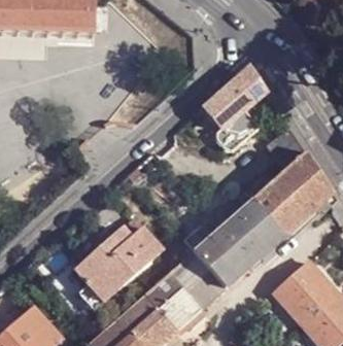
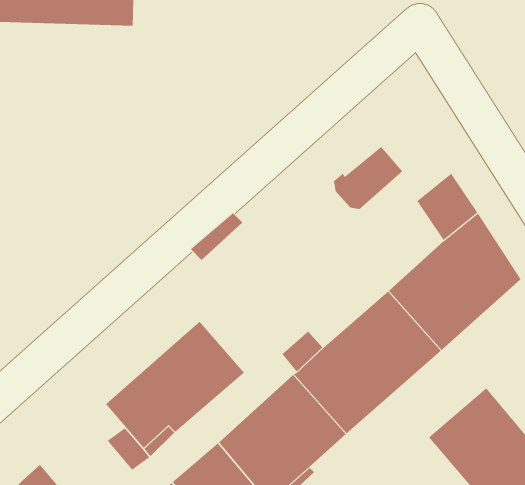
building: [206,64,268,128] -> none

